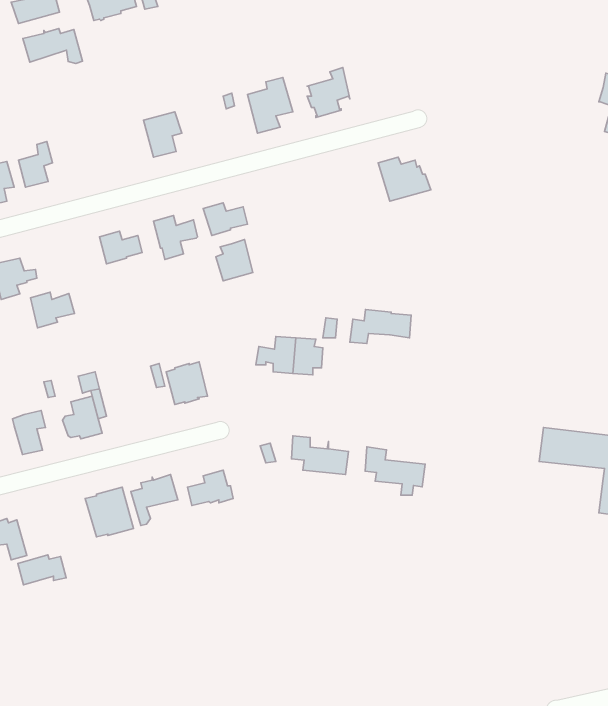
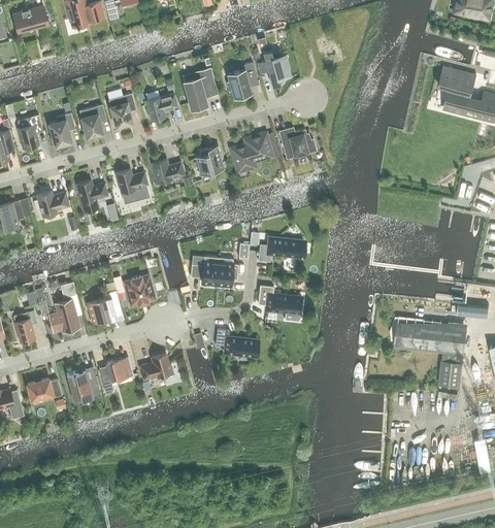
building: [23,28,83,63] -> none
building: none -> [259,51,289,87]
building: none -> [146,94,176,121]
building: none -> [79,104,106,138]
building: none -> [48,113,75,146]
building: none -> [230,132,272,172]
building: [216,240,253,281] -> [196,145,223,175]
building: [30,292,74,328] -> [37,191,69,217]
building: none -> [88,297,116,323]
building: [365,447,425,495] -> [254,291,297,326]
building: [18,555,66,585] -> [27,378,62,400]

